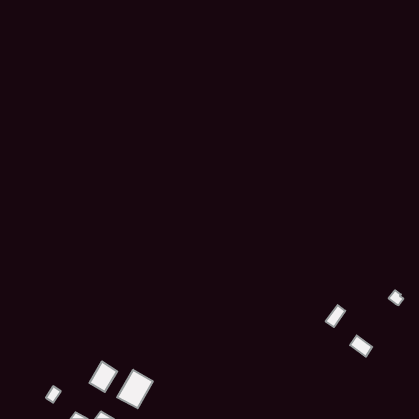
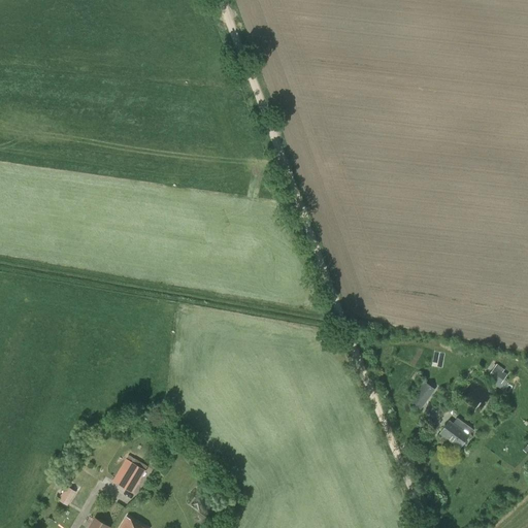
building: [117,370,153,408] -> none

